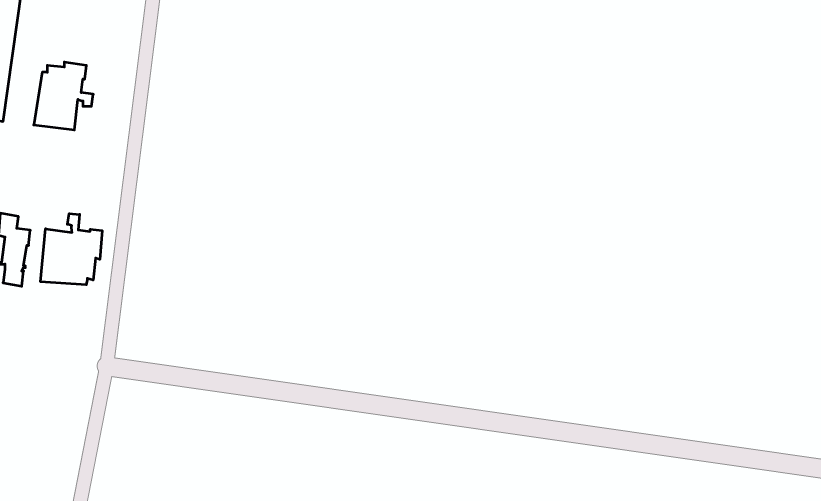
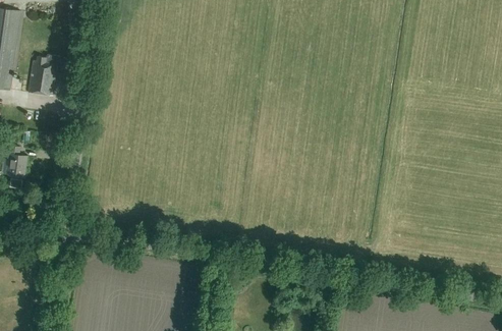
building: [41,214,102,285] -> none

